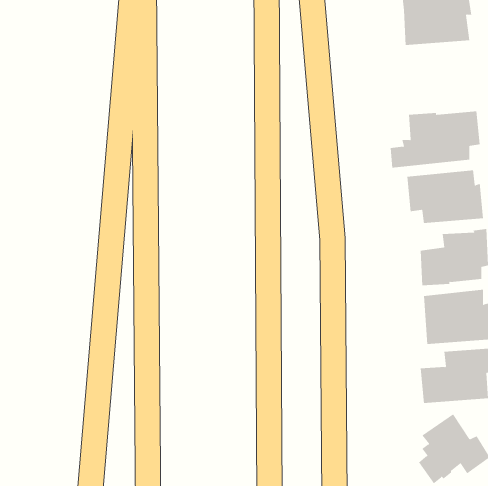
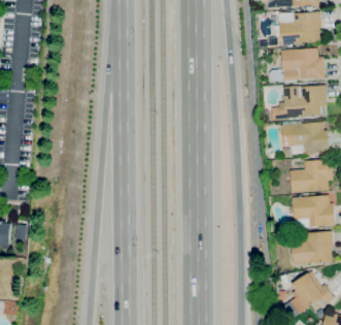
building: none -> [268,48,325,84]

